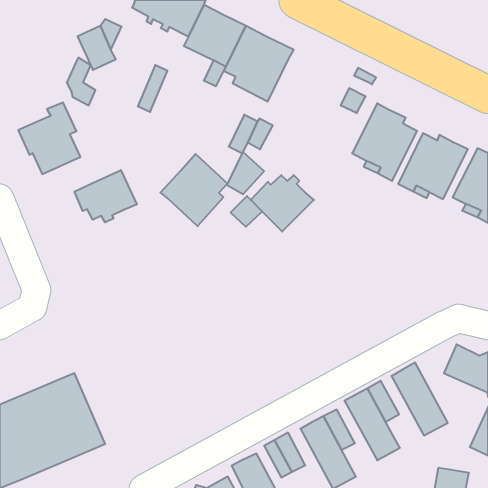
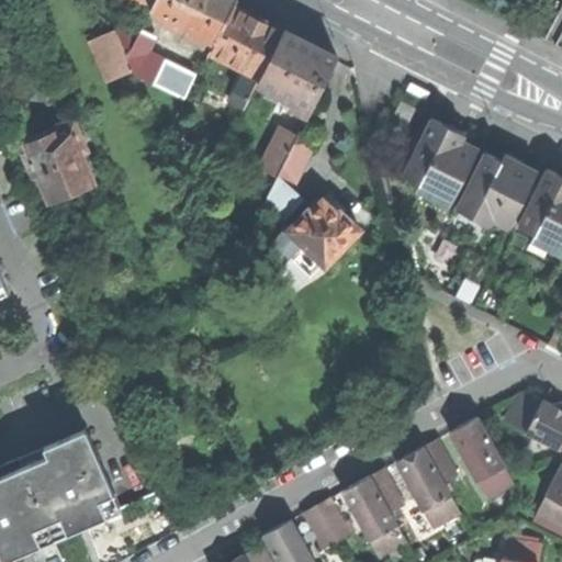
building: [67,58,95,105] -> [127,30,160,85]
building: [160,154,227,226] -> none
building: [75,170,137,222] -> none

